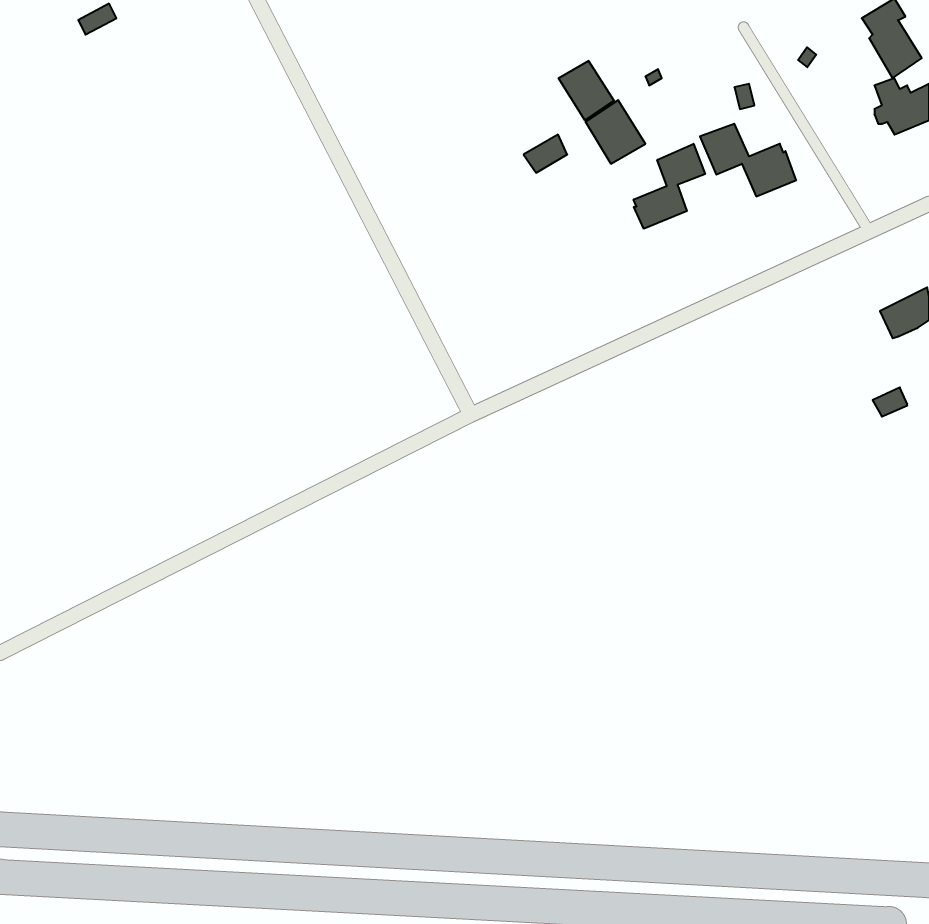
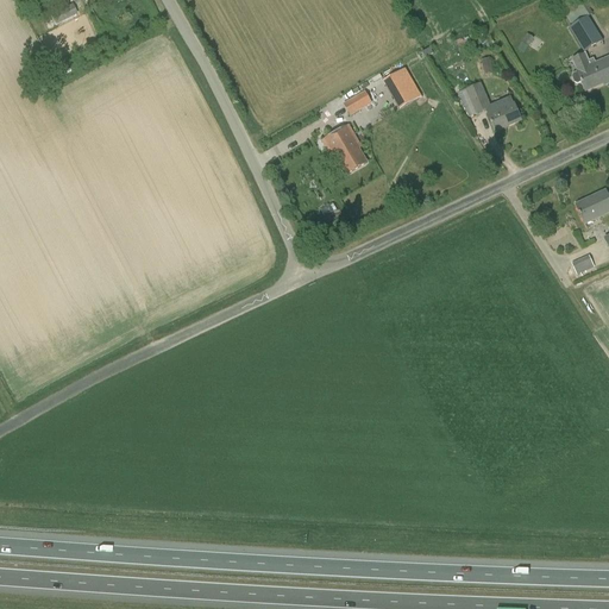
building: [559,61,614,120] -> none
building: [634,144,705,229] -> none
building: none -> [322,124,366,172]

